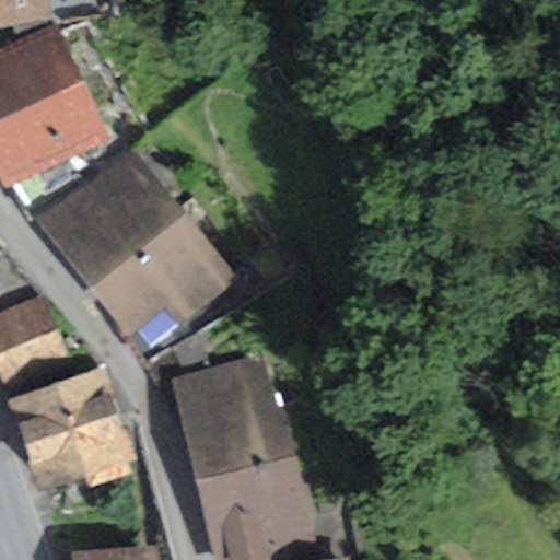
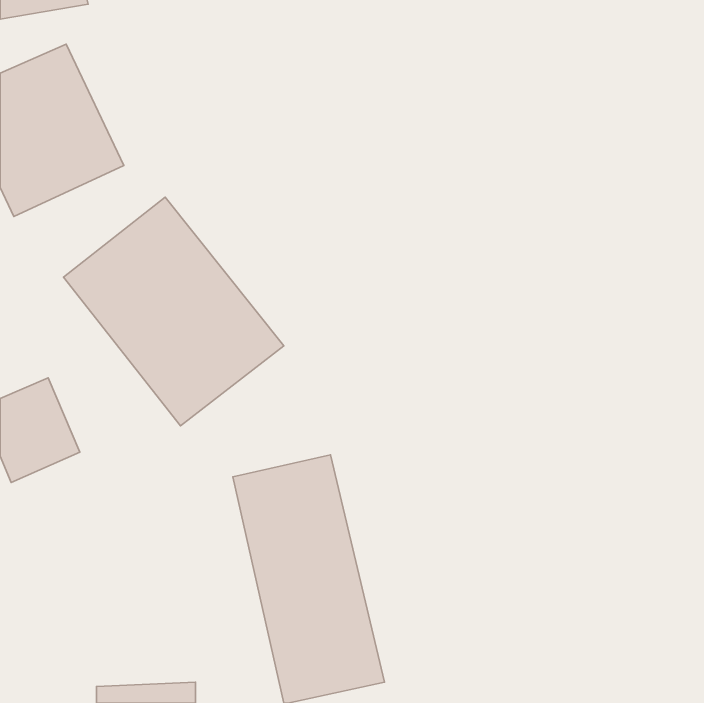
building: [15,375,126,481] -> none

